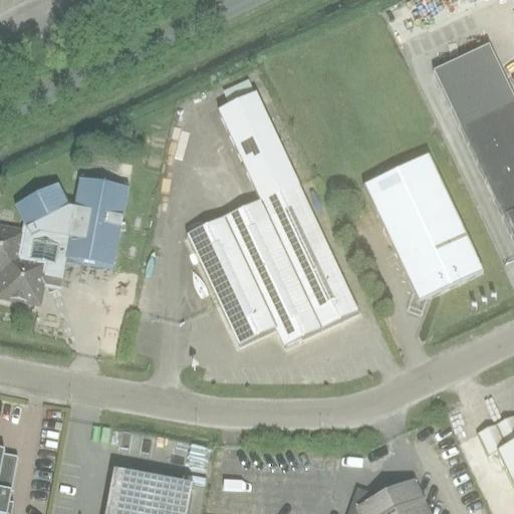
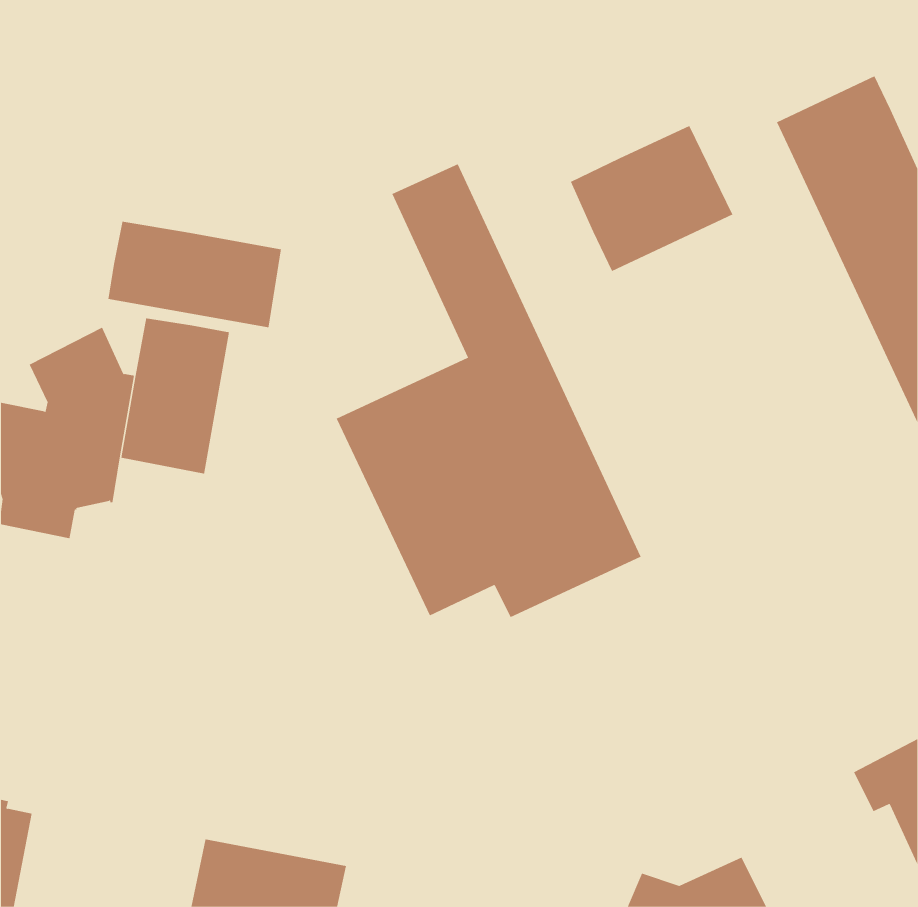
building: none -> [570,125,733,272]
building: none -> [108,221,282,328]
building: [363,153,484,300] -> none

